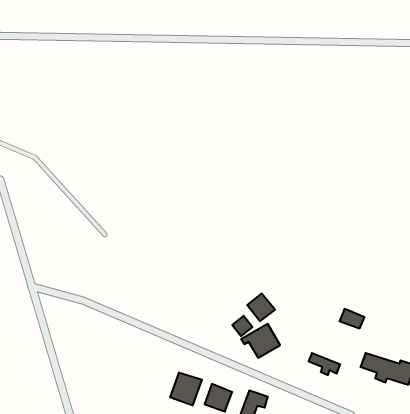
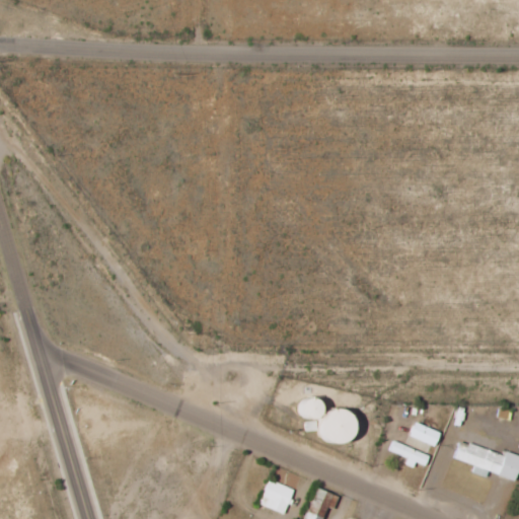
building: [247,294,275,321] -> none
building: [339,309,365,328] -> [410,423,441,447]
building: [170,372,202,405] -> none

